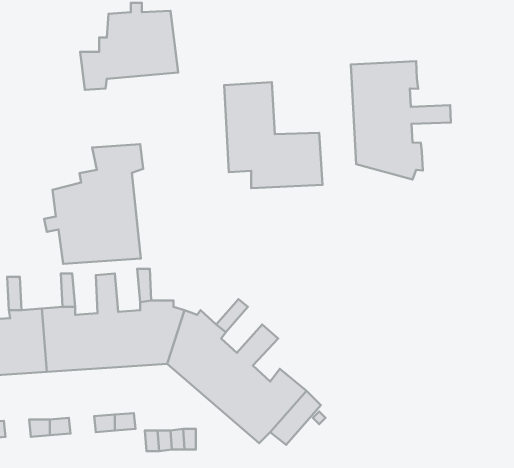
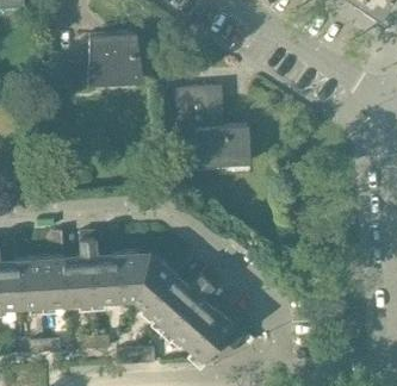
building: [351,61,451,179] -> none
building: [44,144,143,264] -> none

